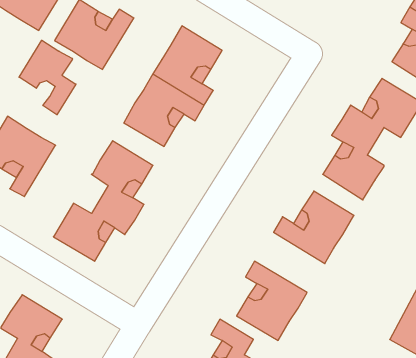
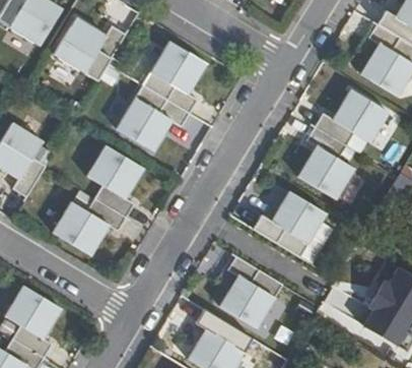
building: [19,40,76,115] -> none

